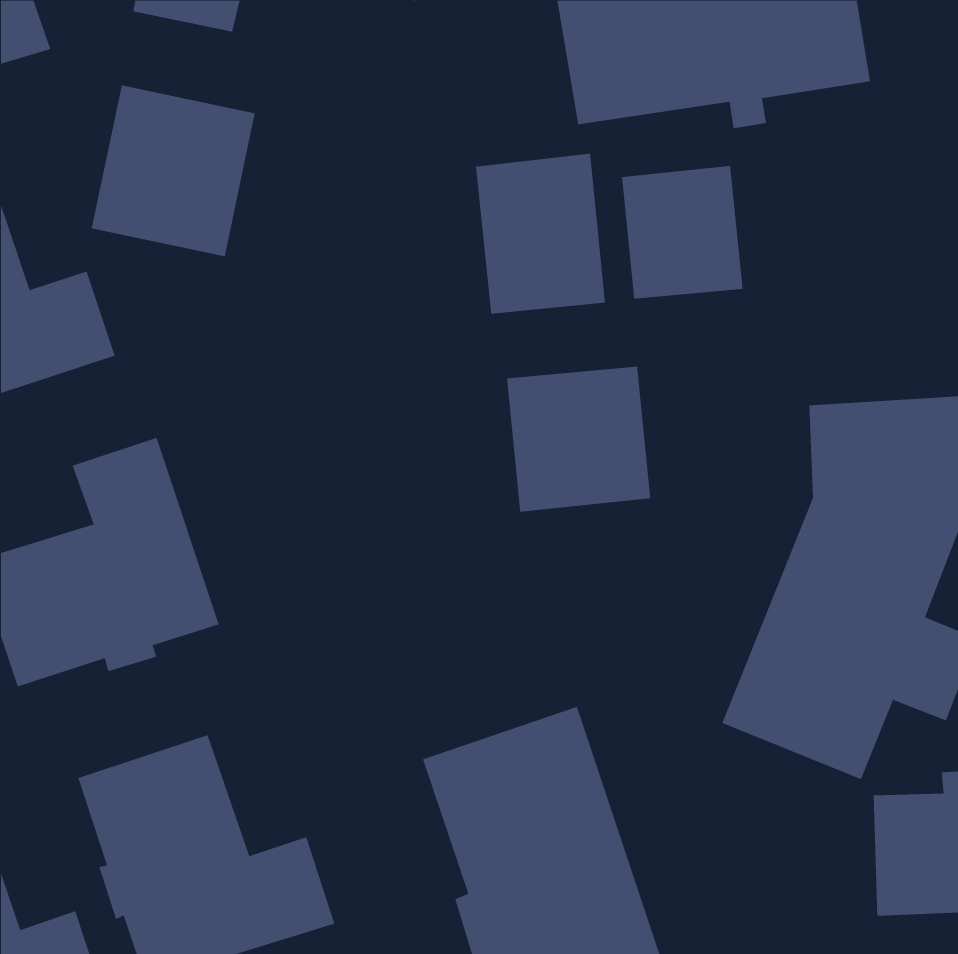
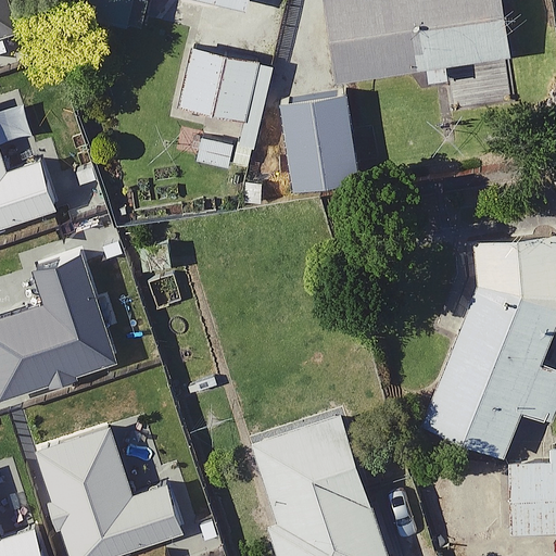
building: [91,85,256,257] -> [177,24,271,123]
building: [621,165,743,299] -> none
building: [506,366,651,512] -> none

